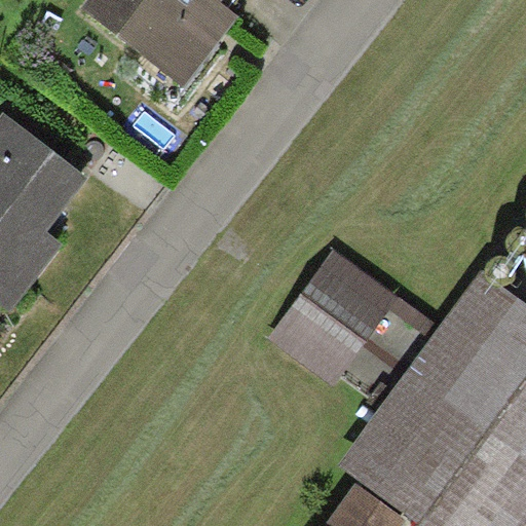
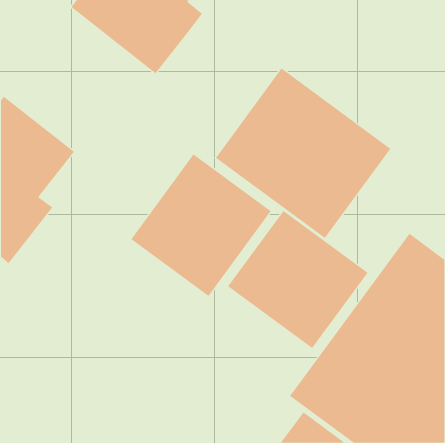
building: none -> [215,68,391,239]
building: none -> [130,154,271,297]

